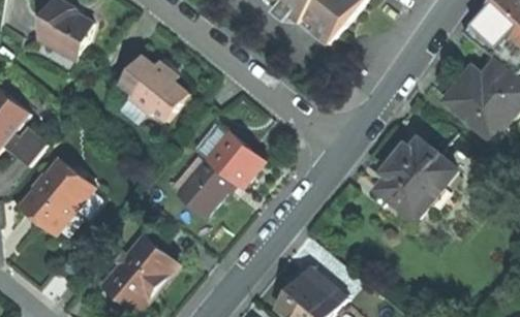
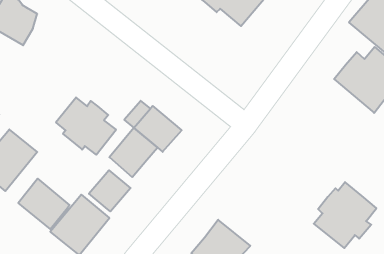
building: [118,54,189,122] -> [56,97,116,155]
building: [377,140,452,219] -> [314,182,376,248]
building: none -> [89,170,131,211]
building: none -> [18,179,70,229]

